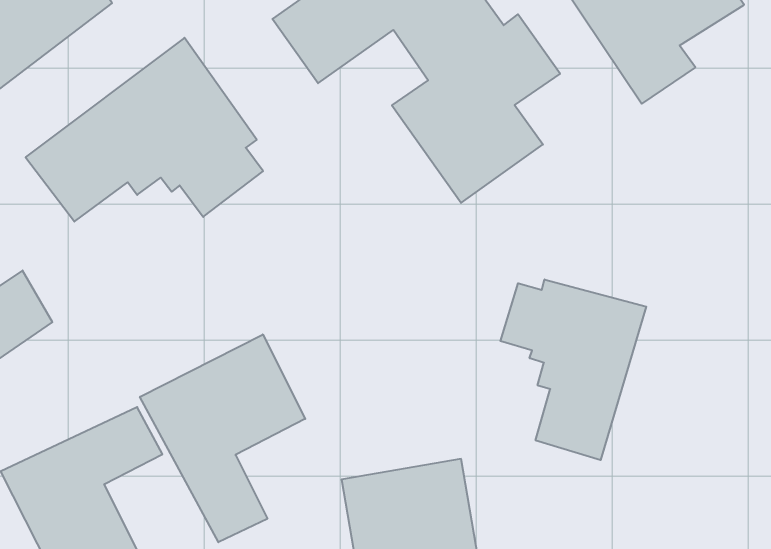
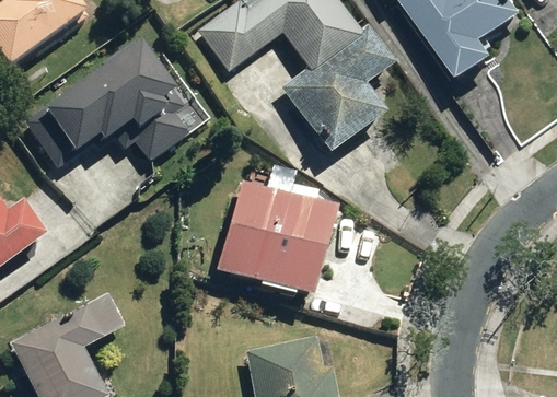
building: none -> [216,161,334,297]
building: [500,279,646,460] -> none
building: [140,334,305,542] -> none

